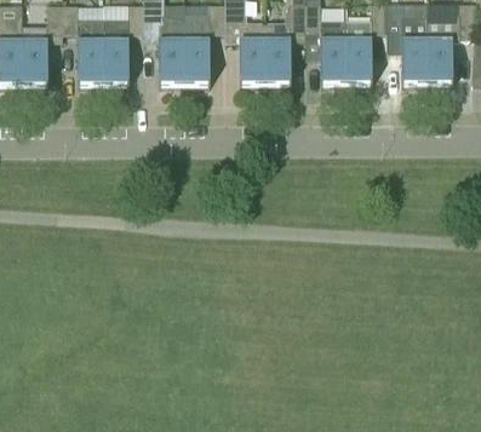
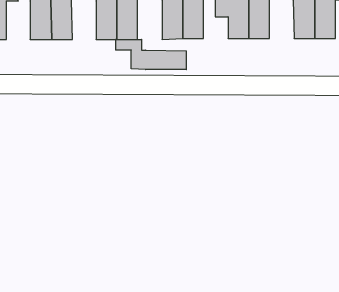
building: none -> [116,39,186,70]

